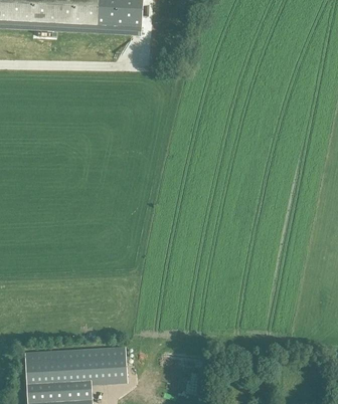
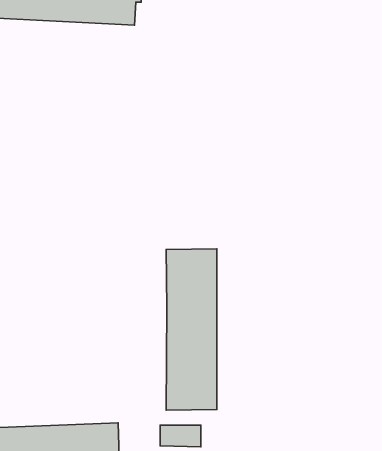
building: none -> [166,249,217,410]

